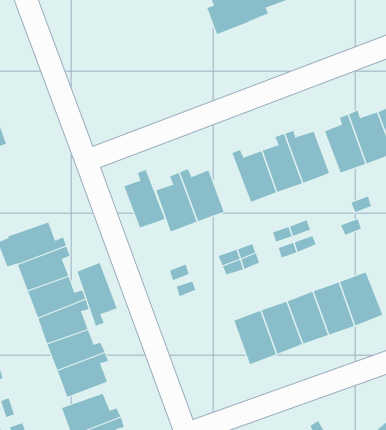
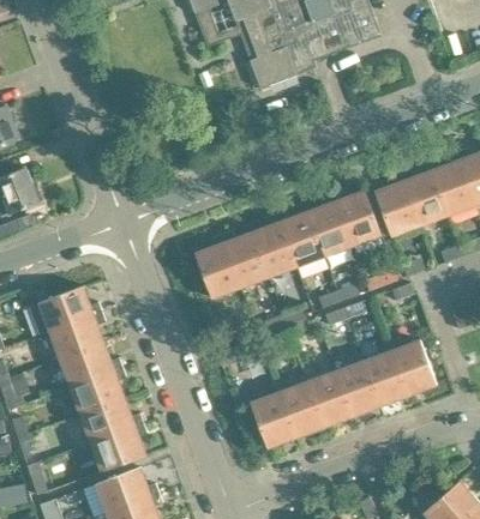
building: [124,169,166,228] -> [251,215,295,277]
building: [77,262,117,327] -> none
building: none -> [250,392,294,448]

